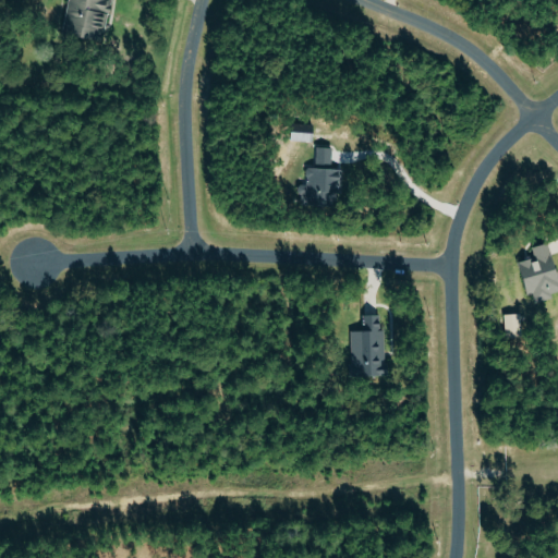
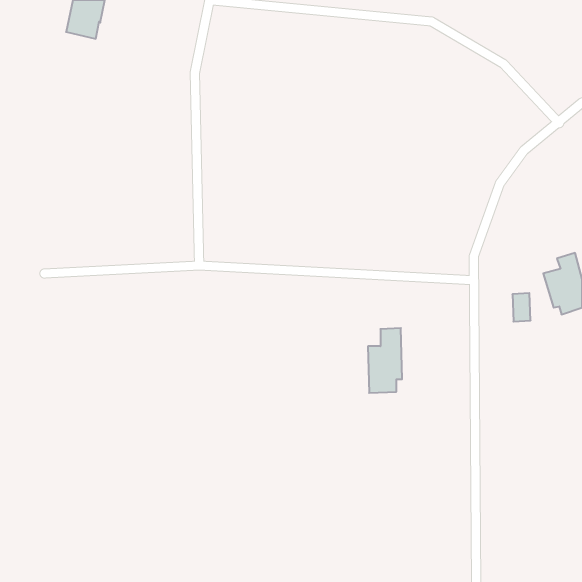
building: [301,147,339,206] -> none
building: [506,313,523,340] -> [512,293,531,322]

